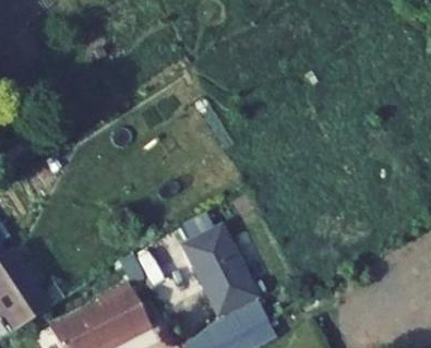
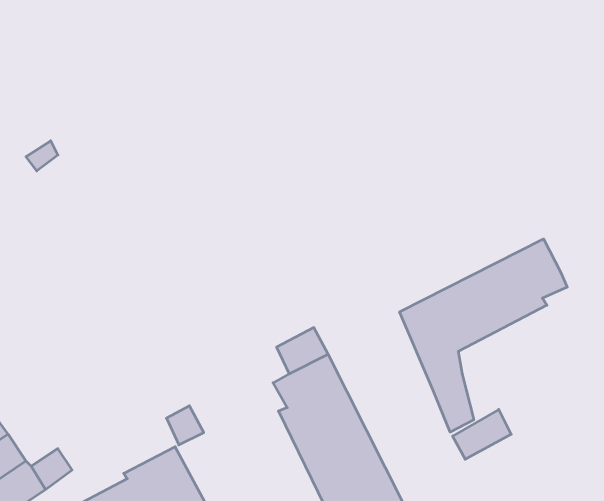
building: none -> [400,239,567,432]

